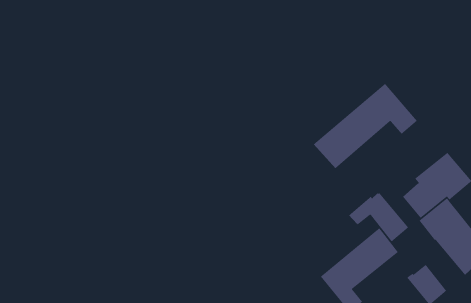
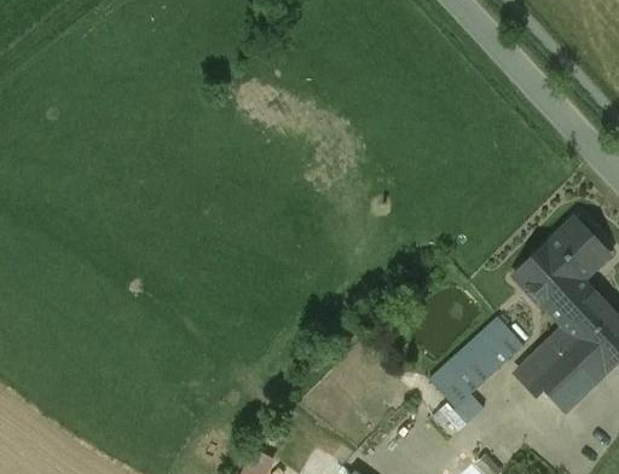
building: [313,83,418,169] -> none
building: [348,192,409,242] -> [530,329,604,389]

